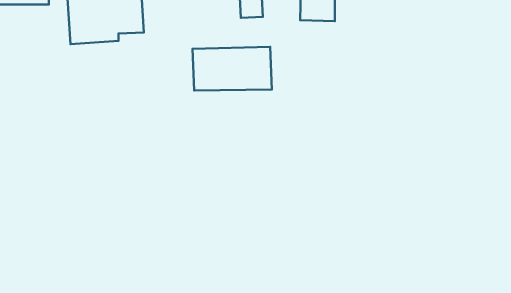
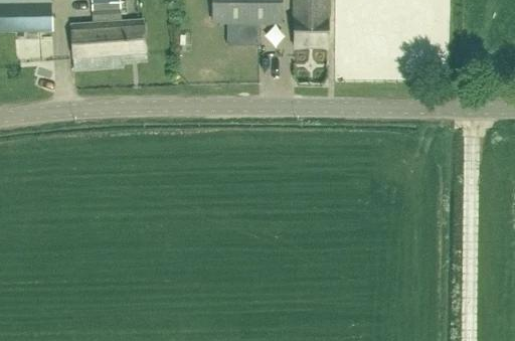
building: [192,47,272,90] -> none

